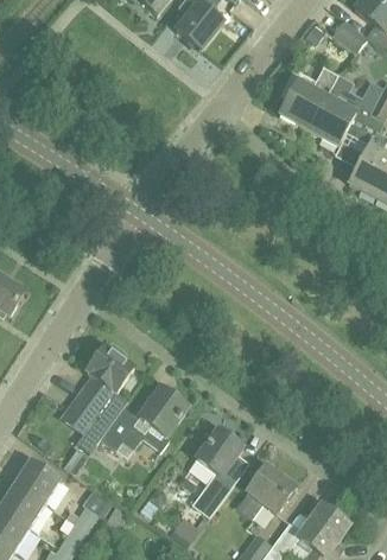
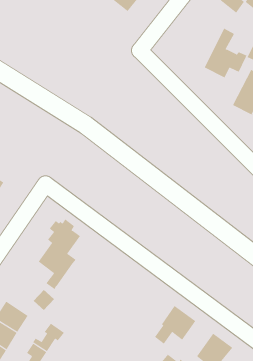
building: [278,65,336,128] -> none
building: [139,387,188,438] -> none
building: [101,406,145,450] -> none
building: [191,428,245,517] -> none

